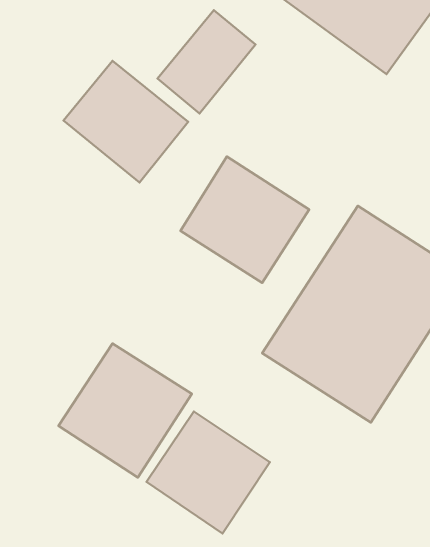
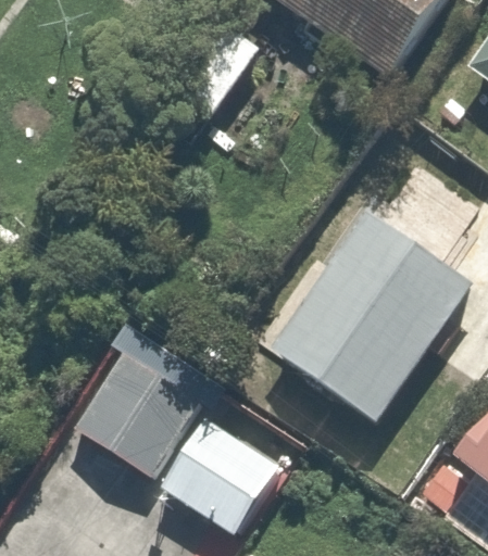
building: [63,61,188,182] -> none
building: [180,156,309,283] -> none

